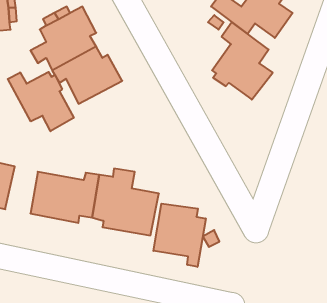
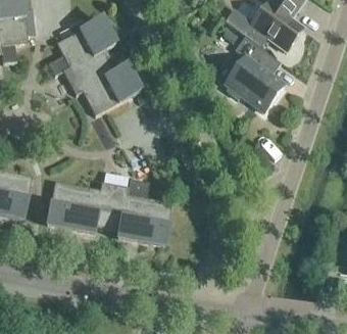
building: [8,72,74,131] -> none
building: [153,204,206,267] -> none

